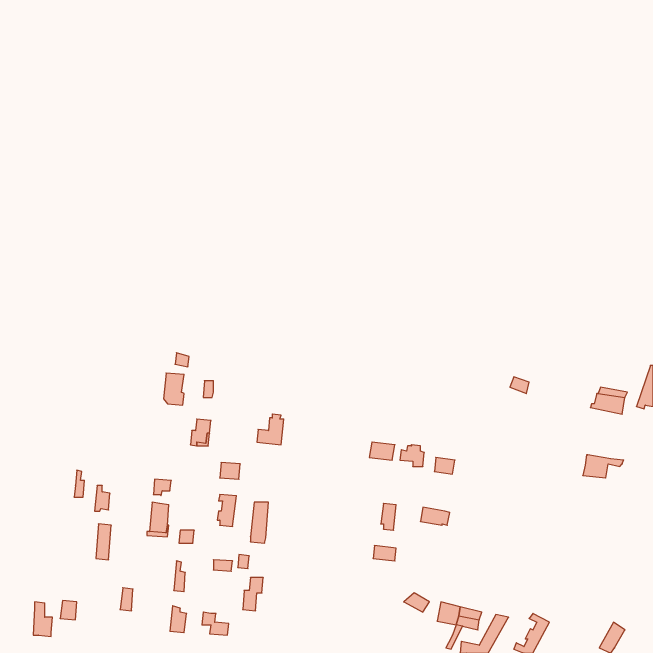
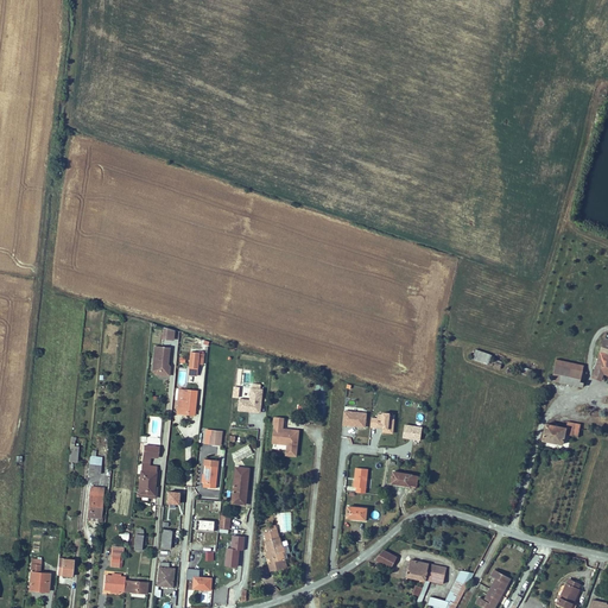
building: none -> [272,417,299,457]
building: none -> [265,526,287,572]
building: none -> [104,575,147,595]

